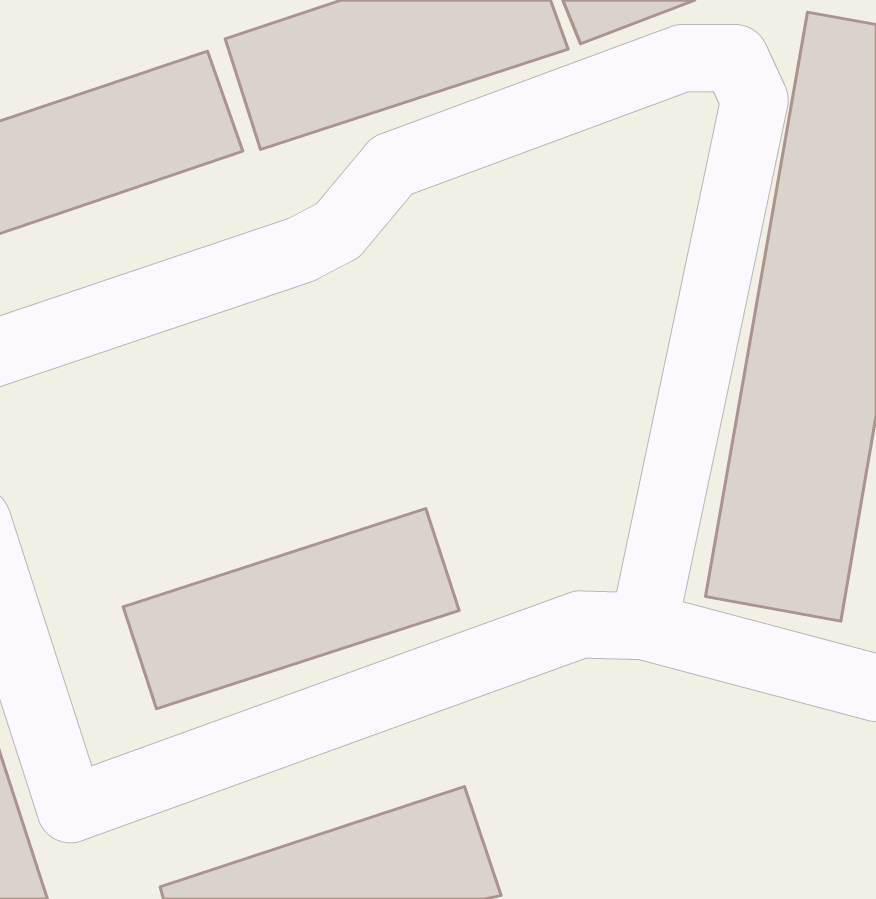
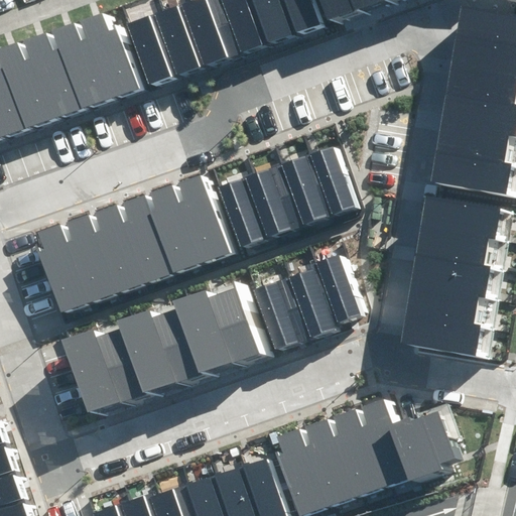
building: none -> [216,141,356,251]
building: none -> [38,189,227,308]
building: none -> [255,258,359,345]
building: none -> [276,399,448,511]

